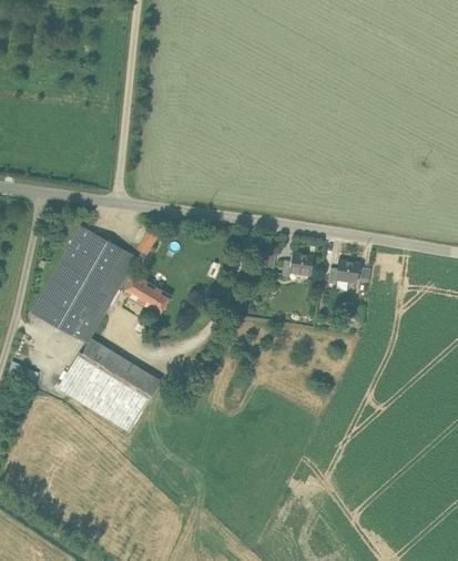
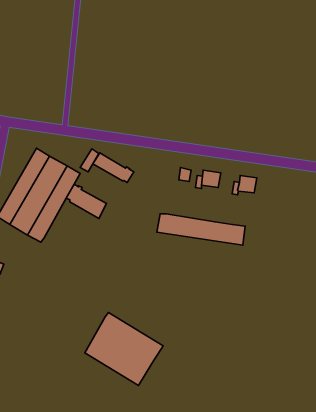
building: none -> [93,153,134,183]
building: none -> [157,214,245,245]
building: [61,338,160,430] -> [85,312,163,385]

